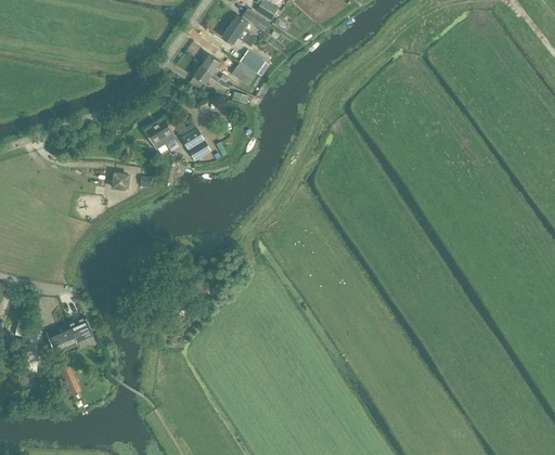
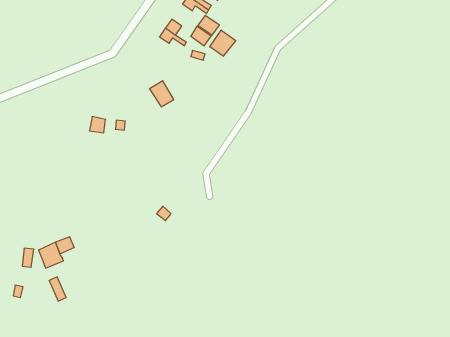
building: none -> [210,30,236,56]
building: [145,118,177,154] -> none

